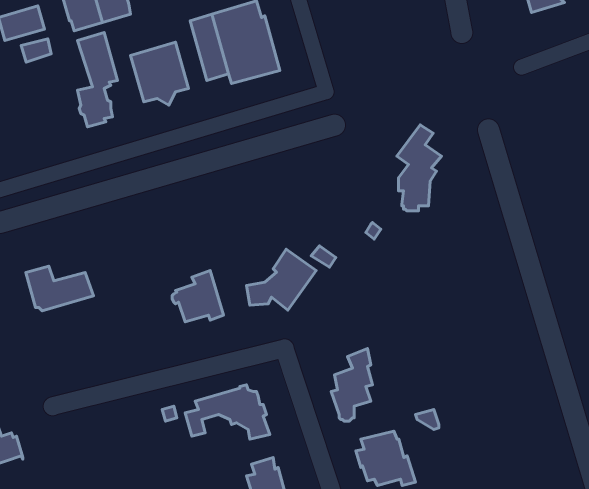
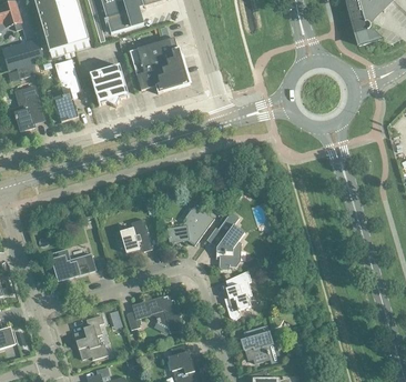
building: none -> [10,86,43,131]
building: [397,125,442,211] -> [215,211,245,269]
building: [26,266,94,311] -> [51,249,97,279]
building: none -> [74,314,108,359]

